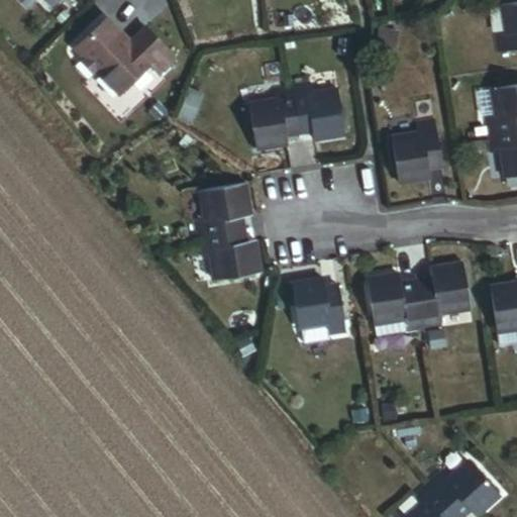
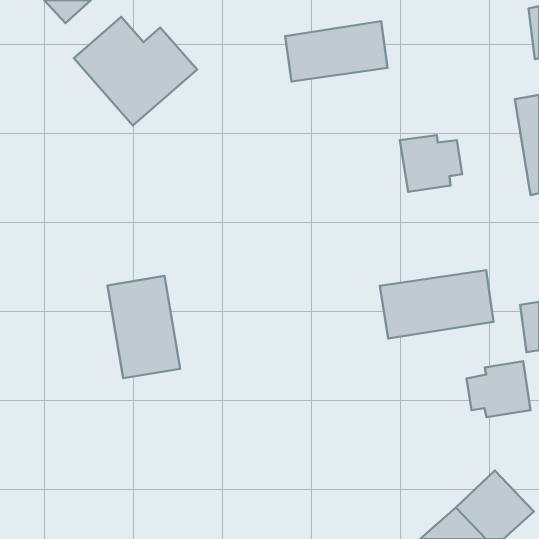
building: [248,89,346,146] -> [285,21,388,81]
building: [195,186,265,284] -> [107,276,180,378]
building: [289,281,347,338] -> none
building: none -> [467,361,530,417]

